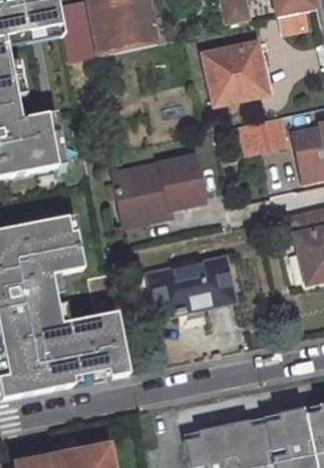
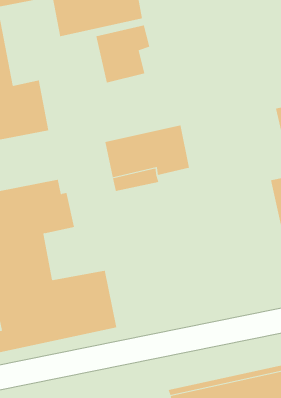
building: [206,45,263,106] -> [95,25,150,83]
building: [258,120,292,151] -> none
building: [150,253,233,312] -> none

